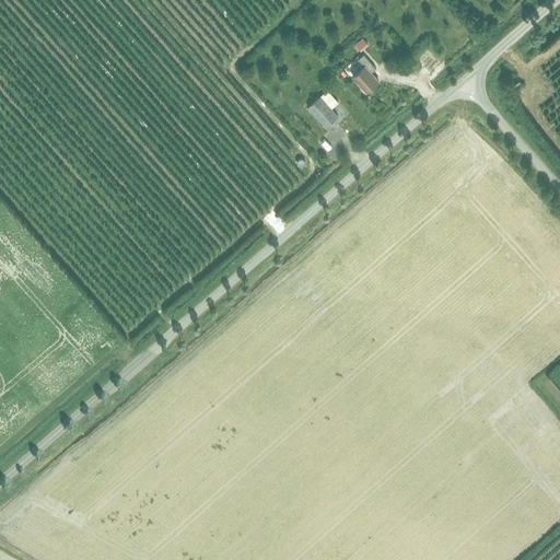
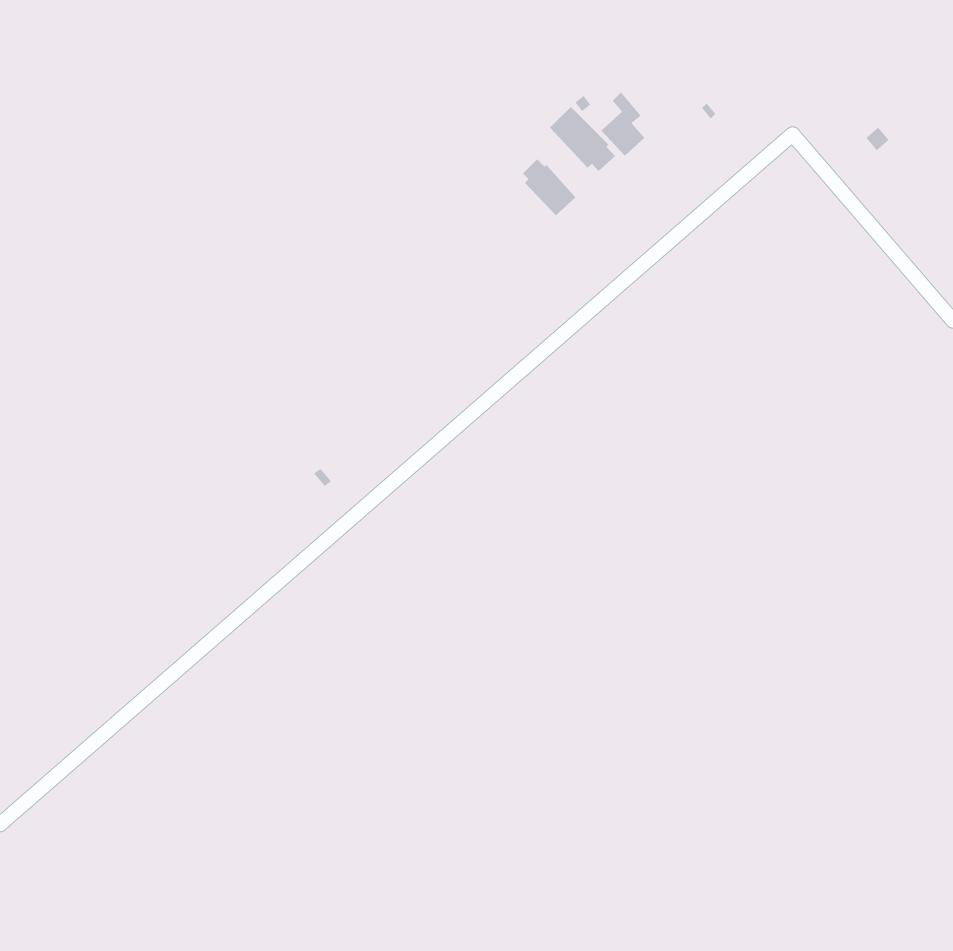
building: none -> [549,106,616,172]

